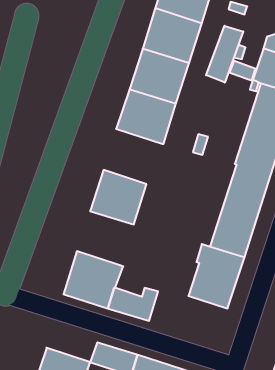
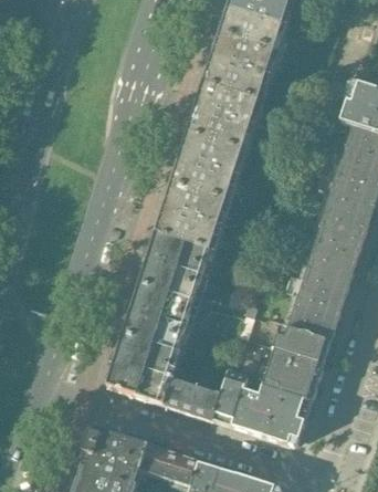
building: [206,26,243,83] -> none
building: none -> [156,180,230,250]
building: none -> [123,282,193,349]
building: none -> [212,371,309,443]
building: none -> [83,428,148,469]

